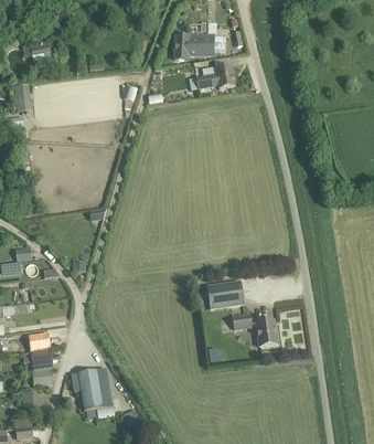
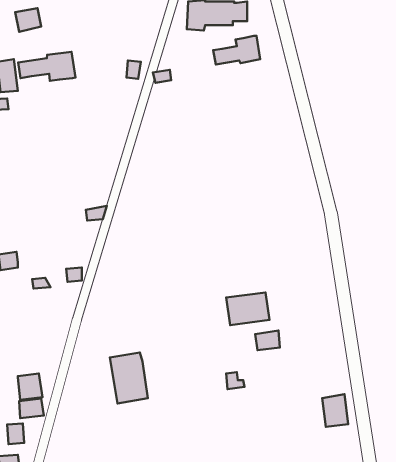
building: none -> [18,52,76,81]
building: [255,317,277,345] -> [322,394,348,427]
building: [77,367,109,410] -> [110,352,148,403]

